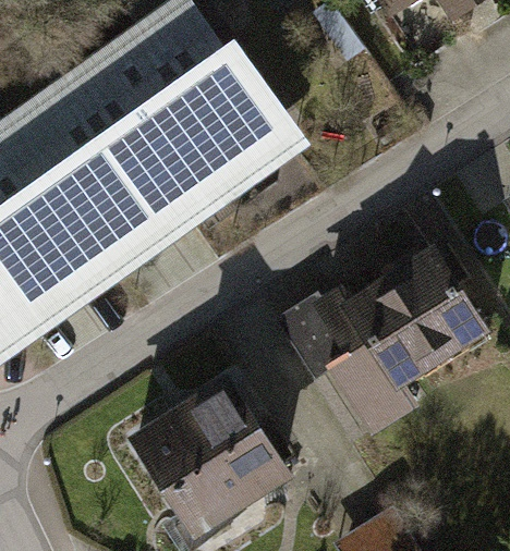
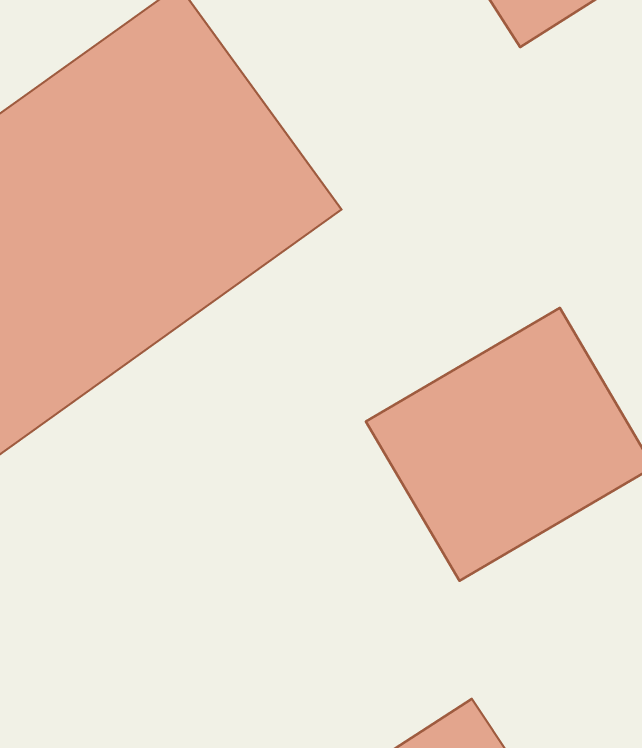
building: [146,379,307,539] -> none

